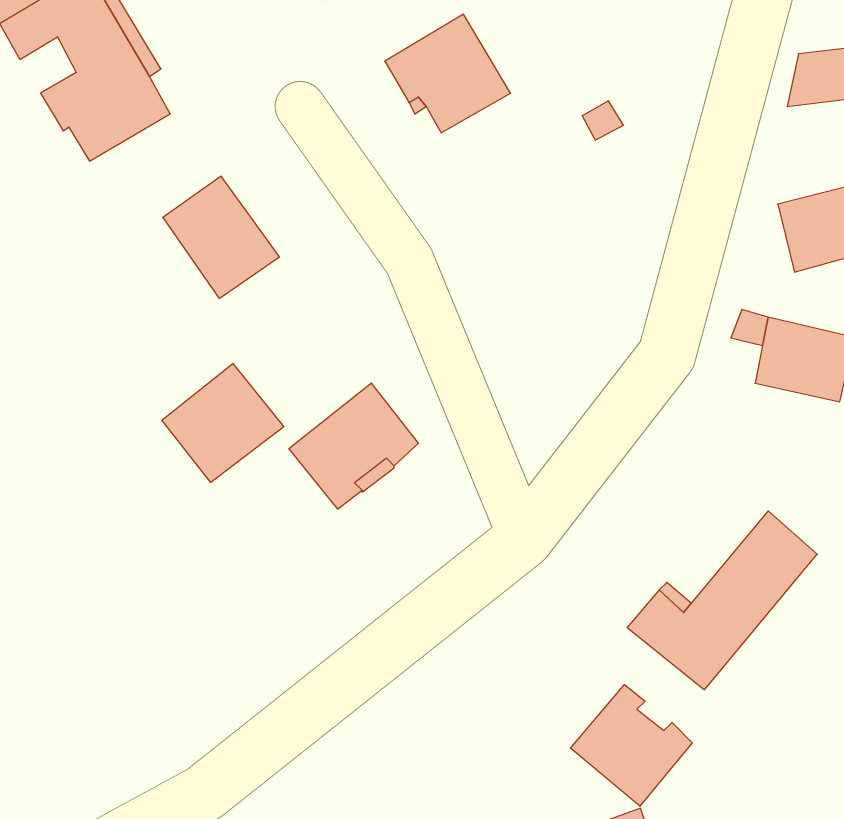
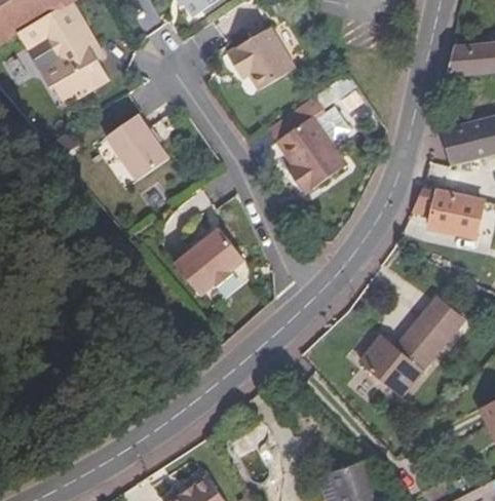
building: none -> [268,95,352,194]
building: [162,364,284,483] -> none
building: [570,685,692,806] -> none

